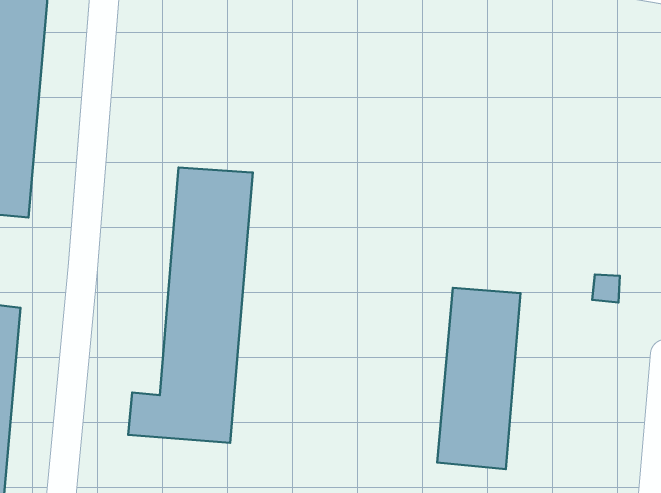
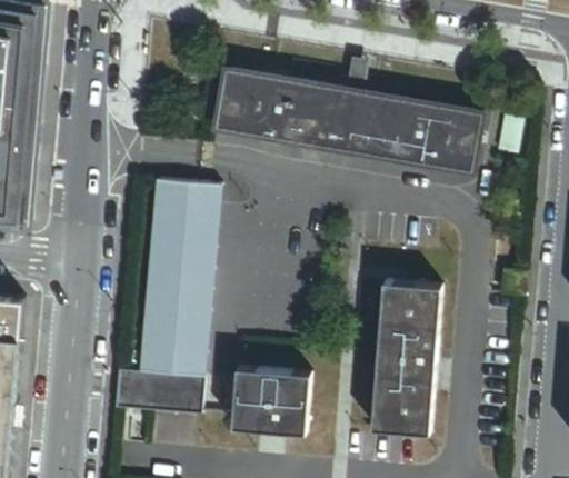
building: none -> [214,70,481,171]
building: none -> [230,365,308,431]

